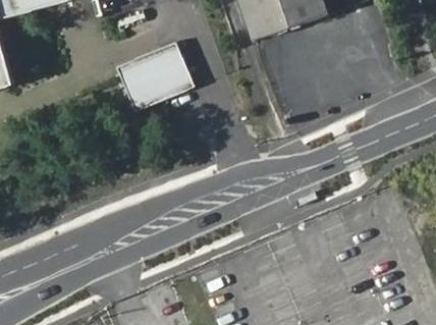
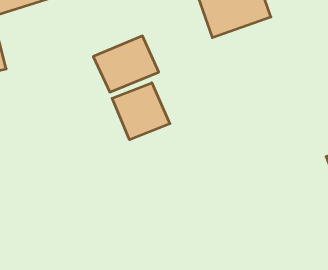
building: none -> [112,83,170,140]

